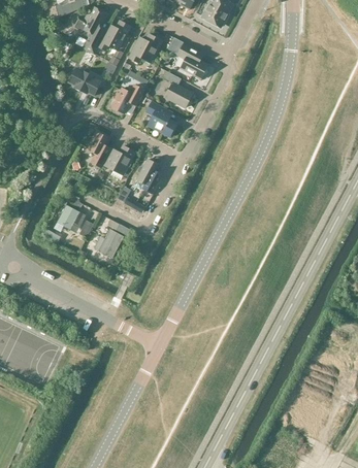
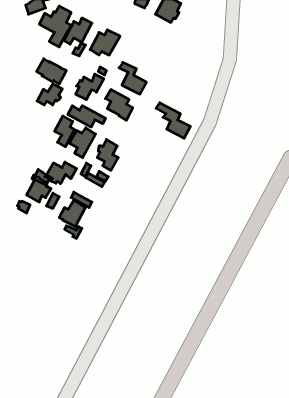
building: [168,38,207,78] -> [156,103,190,138]
building: none -> [37,84,62,105]
building: none -> [68,106,105,127]
building: none -> [46,162,77,184]

